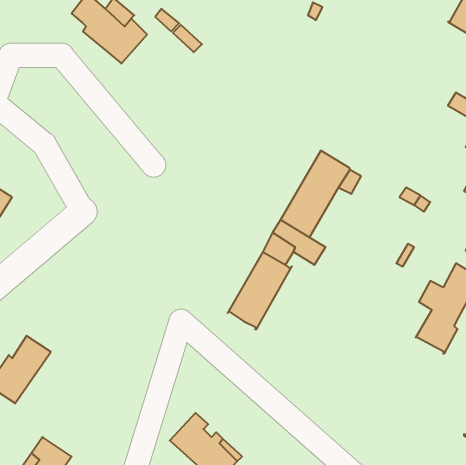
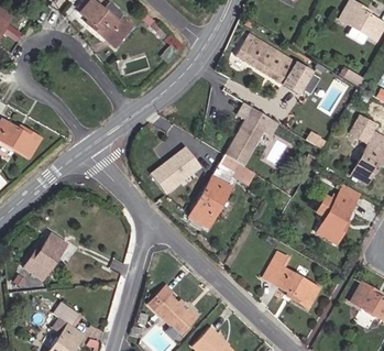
building: none -> [235,33,314,96]
building: none -> [151,144,204,194]
building: none -> [263,252,320,308]

